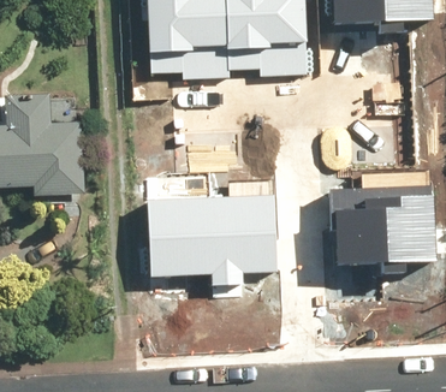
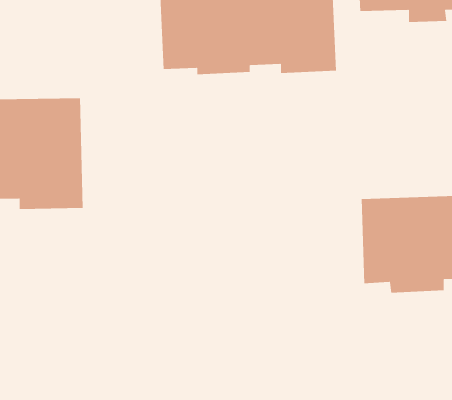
building: [148,195,278,281] -> none

